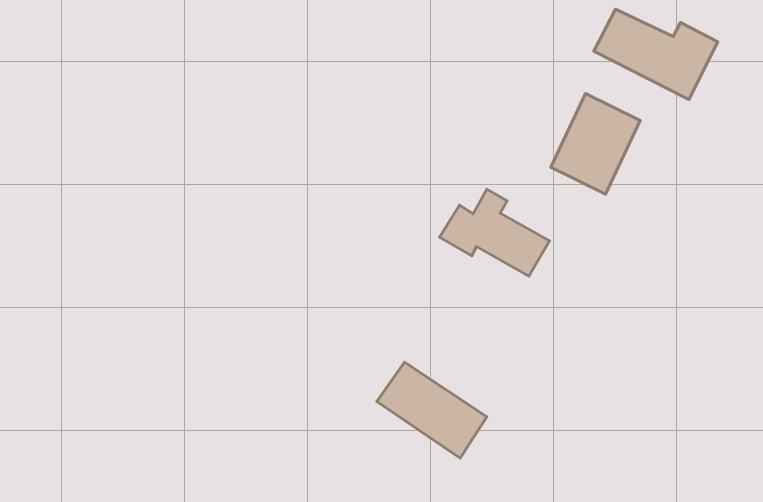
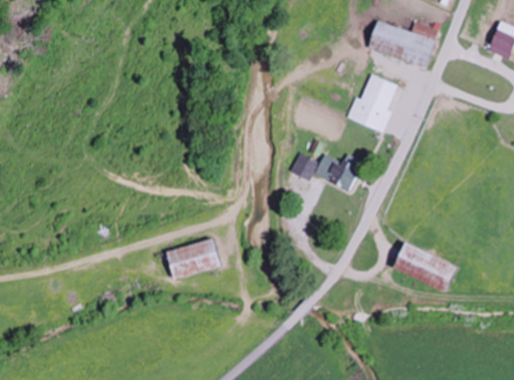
building: none -> [164,239,221,279]
building: [377,362,487,458] -> [389,242,456,294]

